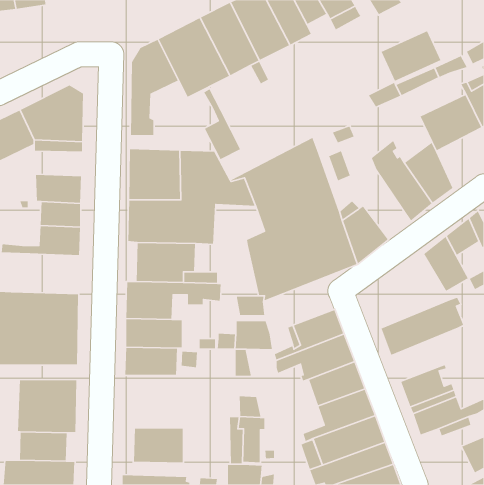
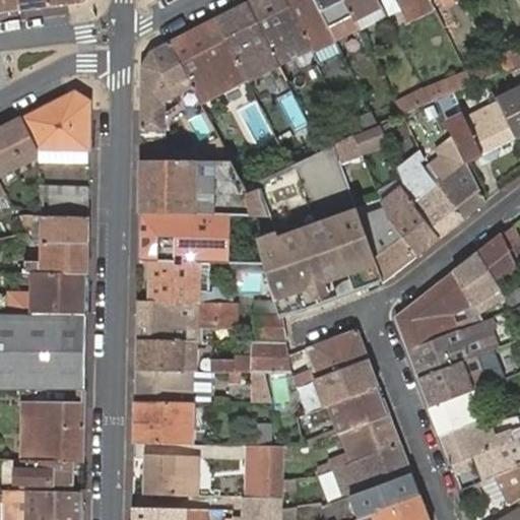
building: [380,30,442,82] -> none
building: [203,88,241,160] -> none
building: none -> [378,181,439,256]
building: none -> [12,271,85,314]
building: none -> [394,271,480,350]
building: none -> [417,350,501,407]
building: none -> [132,401,194,443]

